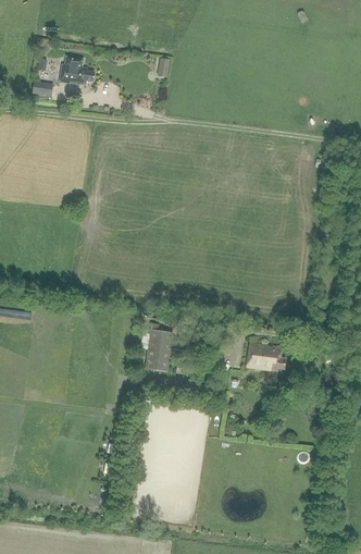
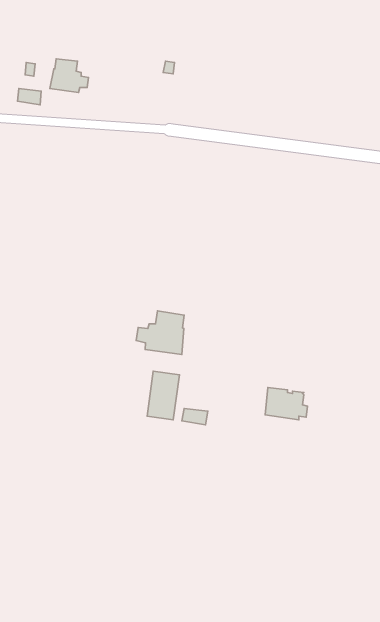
building: none -> [136,311,184,355]

